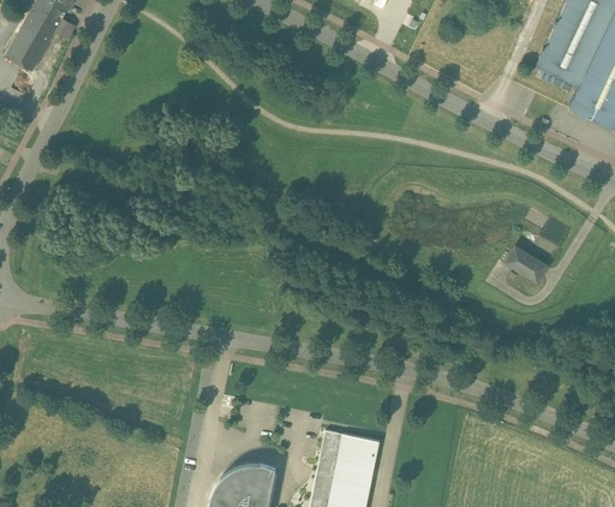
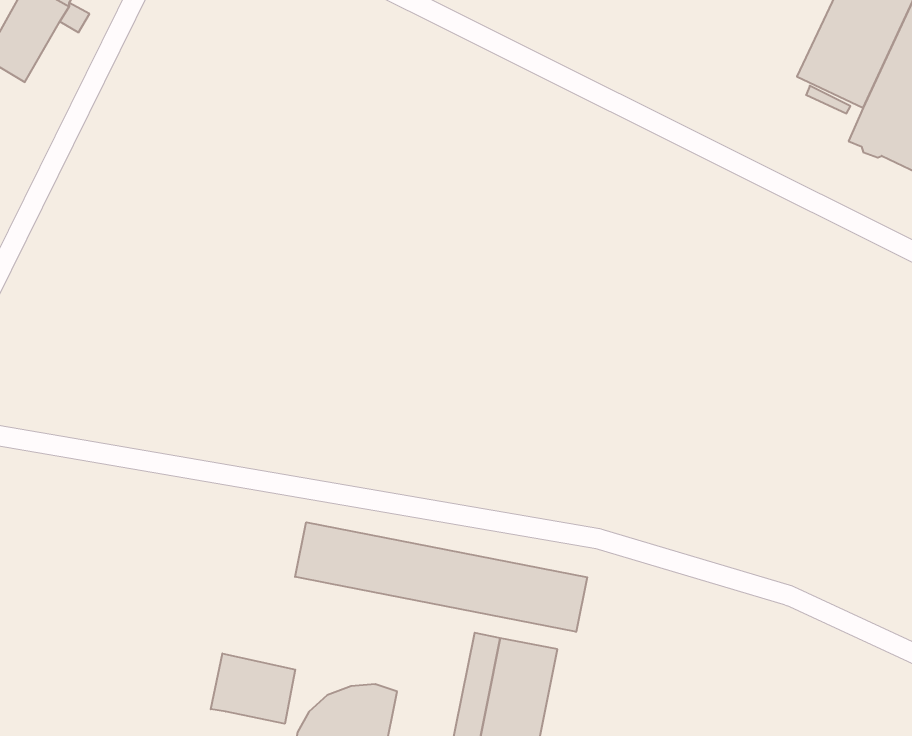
building: [506,247,547,281] -> none
building: none -> [295,522,587,632]
building: none -> [211,653,295,724]

